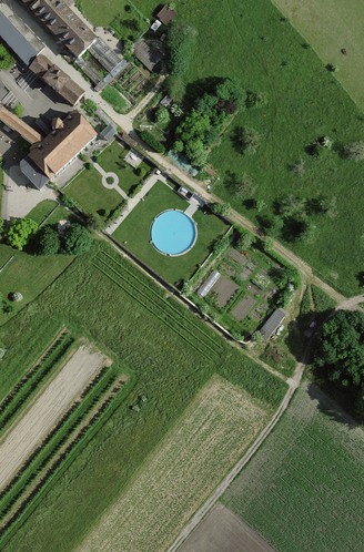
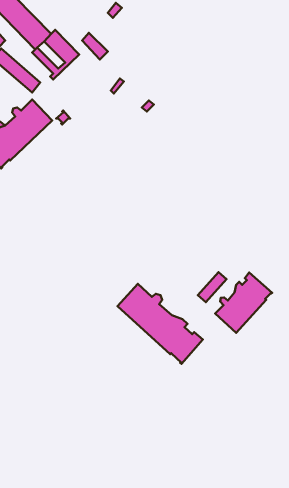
building: none -> [215,273,272,333]
building: none -> [118,284,203,364]

